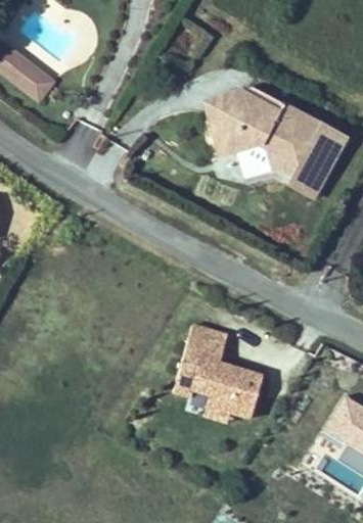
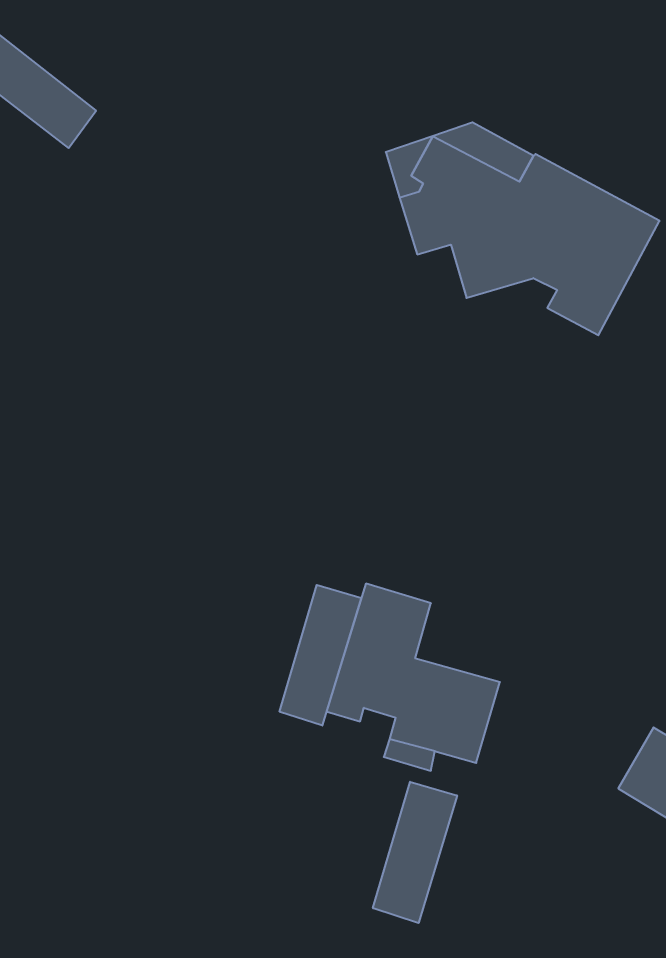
building: none -> [280,585,361,726]
building: none -> [373,782,457,923]

